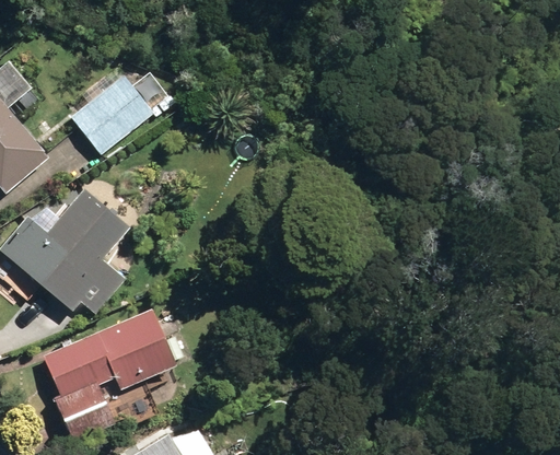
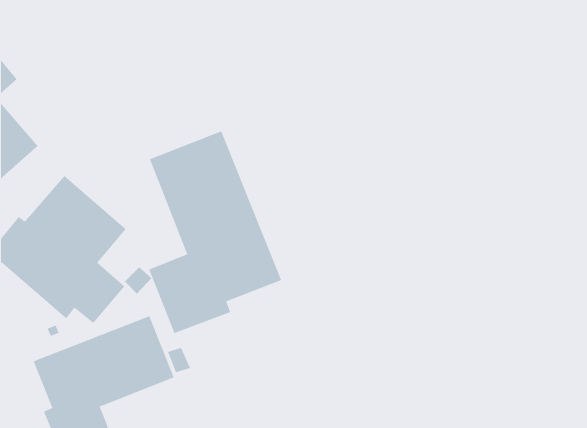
building: [75,74,159,156] -> none
building: none -> [148,130,282,334]

